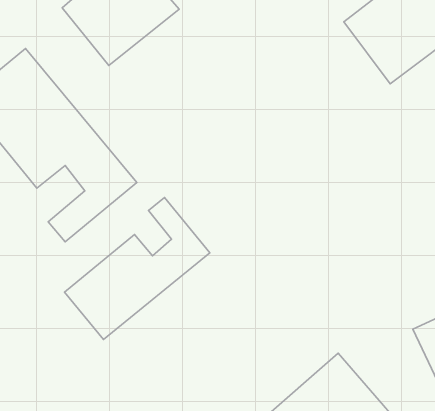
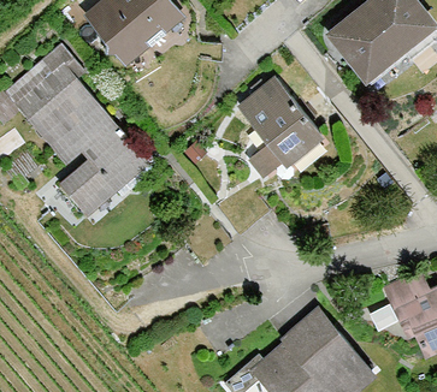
building: none -> [237,77,320,165]
building: [64,198,210,340] -> none

